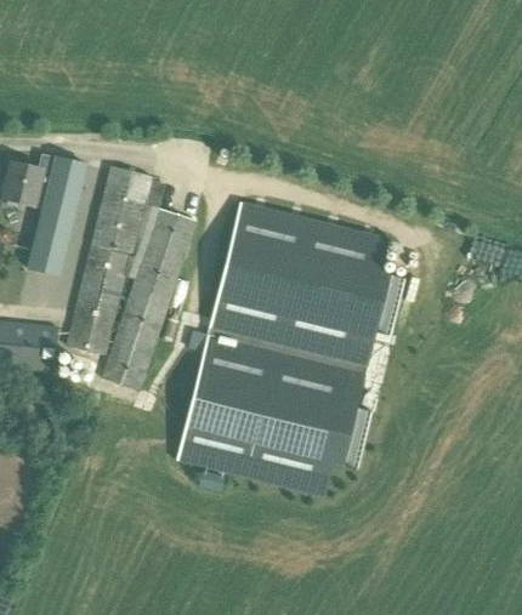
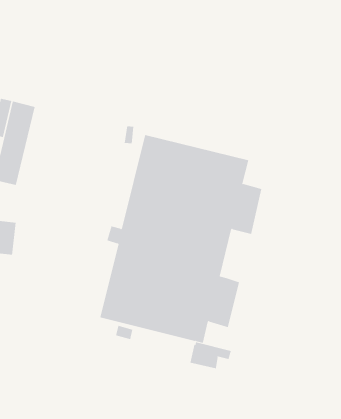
building: [66,165,197,389] -> none
building: none -> [190,341,232,369]

